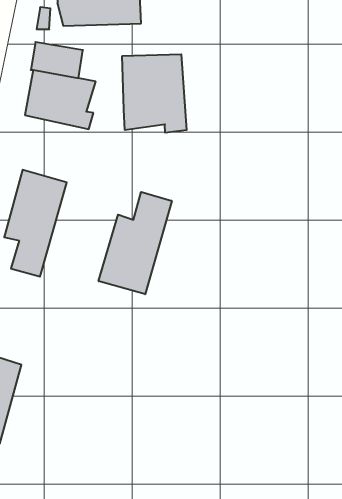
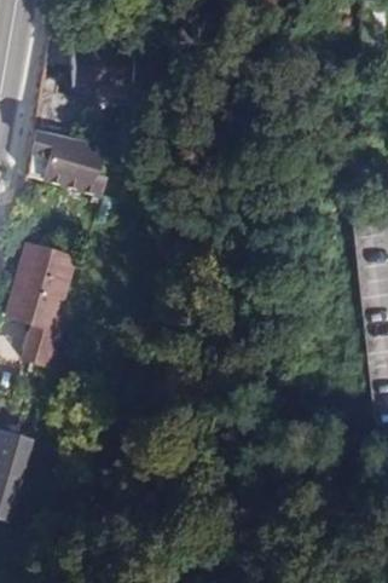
building: [122,54,187,133] -> none
building: [99,192,172,294] -> none

